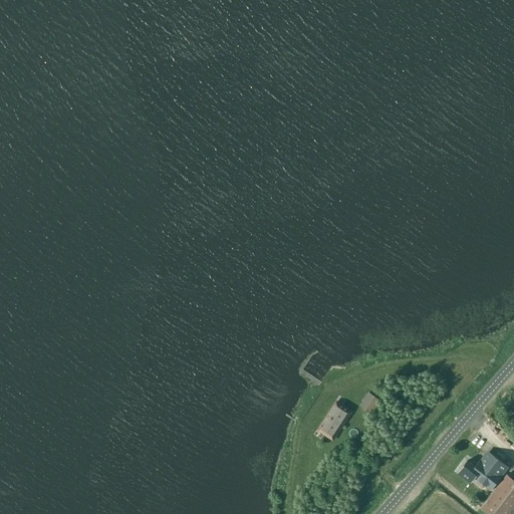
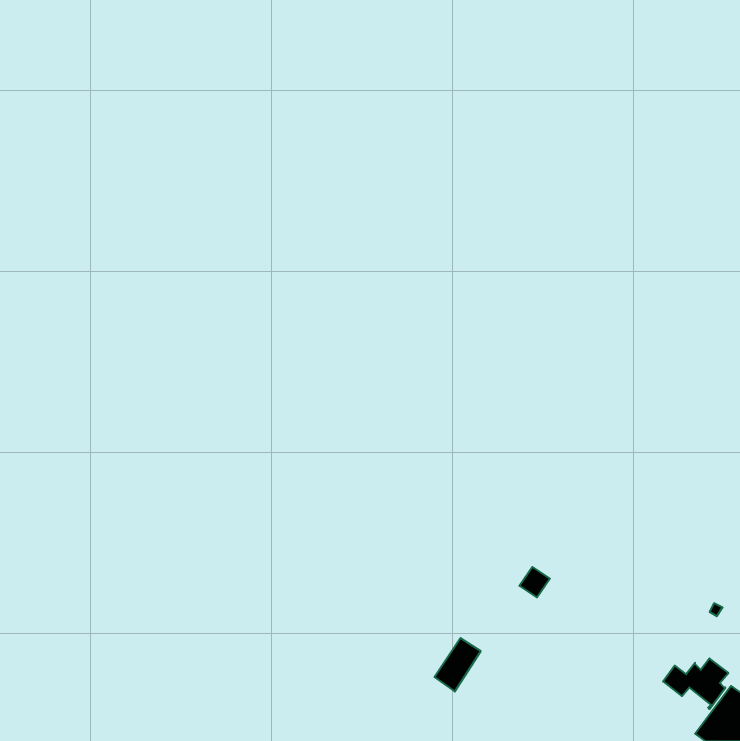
building: [319,403,351,440] -> [434,638,481,692]

